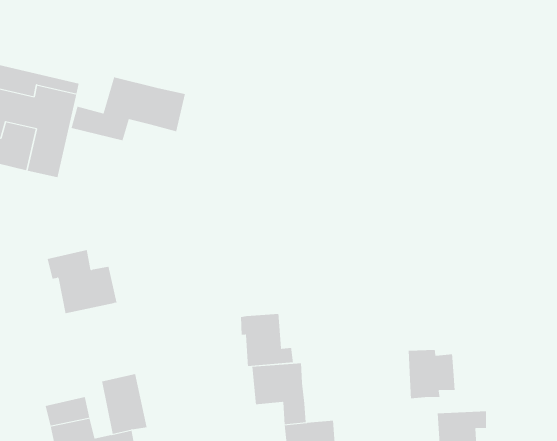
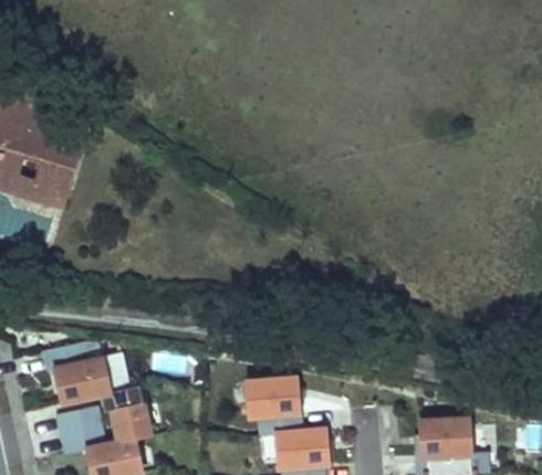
building: [71,77,186,141] -> none
building: [47,249,117,314] -> [45,344,111,403]
building: [241,313,294,367] -> none
building: [408,349,455,399] -> none

